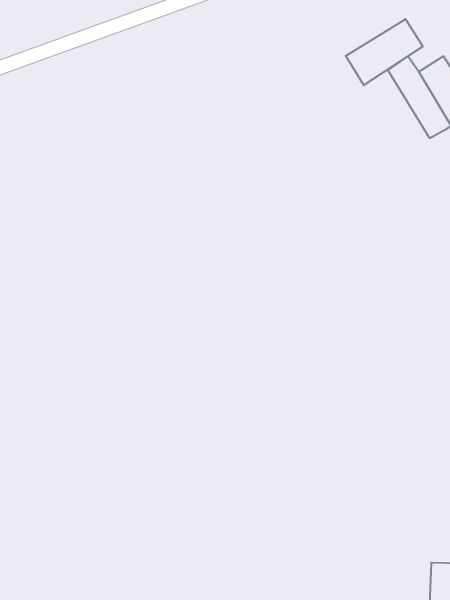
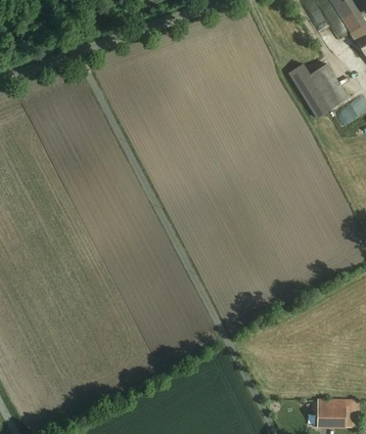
building: [346,19,423,85] -> none

